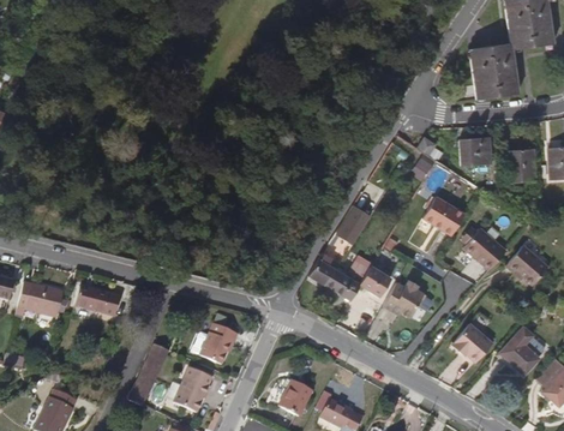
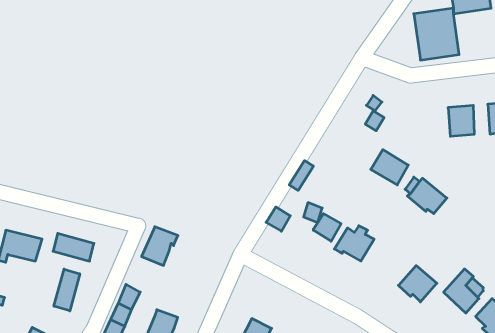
building: [458,136,491,164] -> none
building: [505,244,547,282] -> none
building: [324,268,359,299] -> none
building: [198,325,238,367] -> [142,227,178,265]
building: none -> [54,269,80,311]

